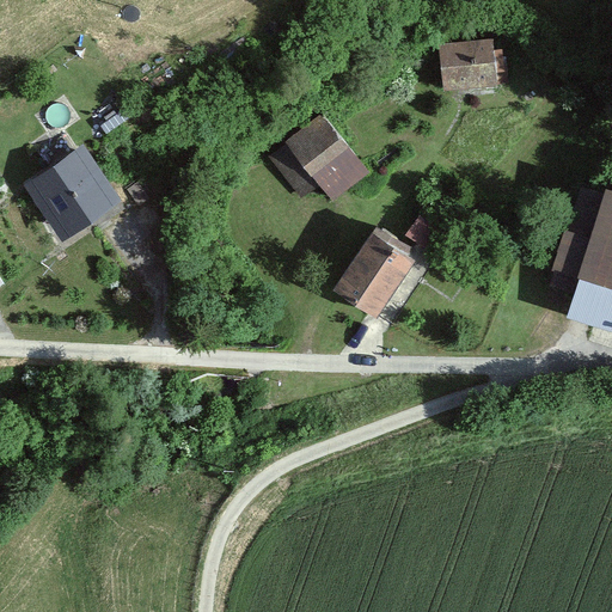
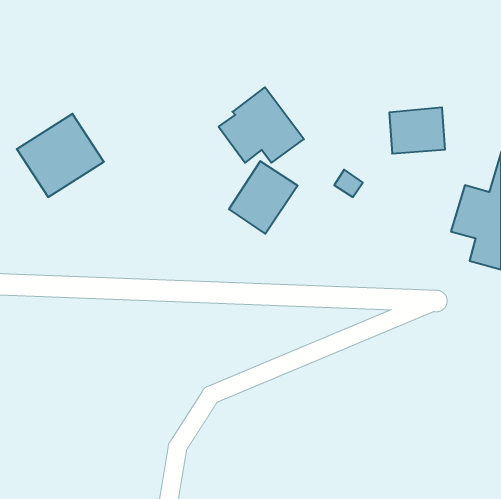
building: [437,35,506,91] -> [389,107,445,154]
building: [335,228,418,317] -> [229,161,298,234]

